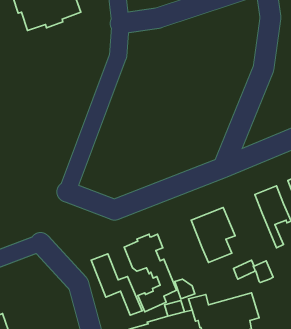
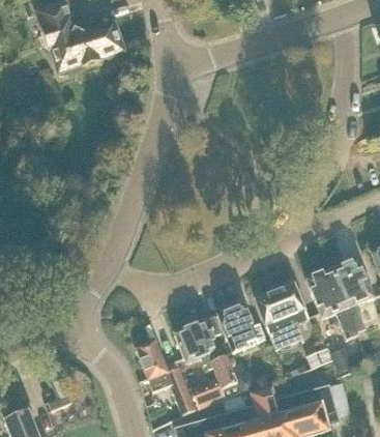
building: none -> [306,266,358,337]
building: none -> [218,302,266,350]

